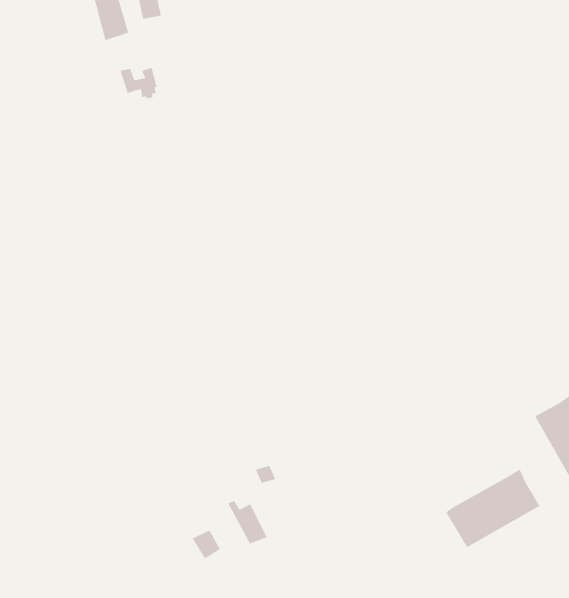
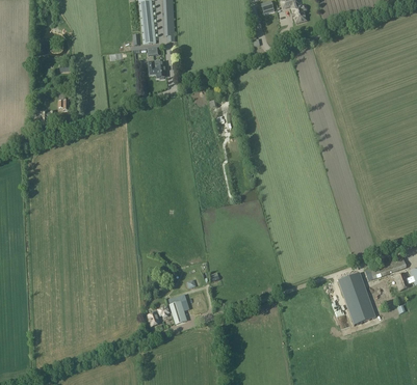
building: [445,469,540,548] -> none

